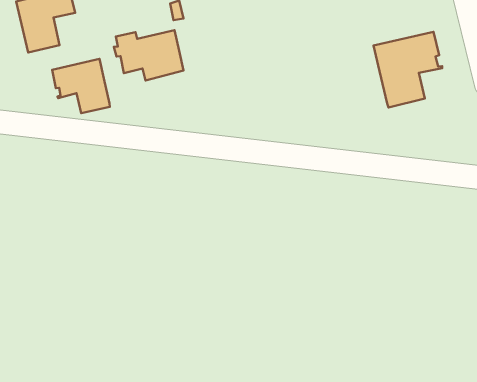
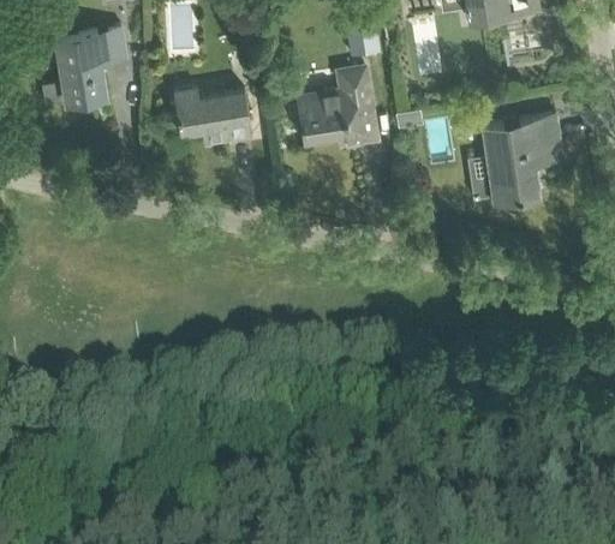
building: none -> [298,71,376,149]
building: [52,59,110,113] -> none

